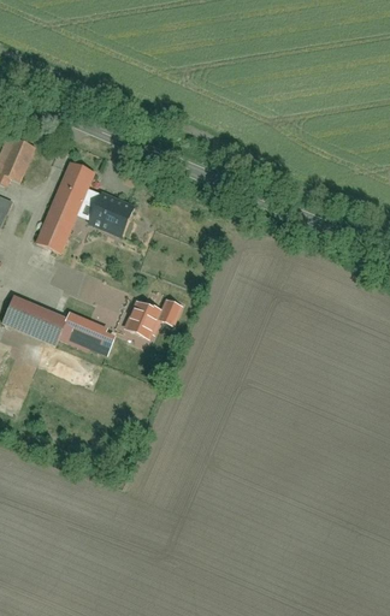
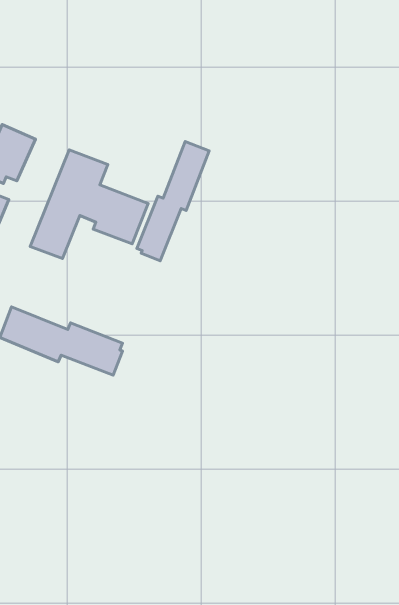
building: none -> [137,141,209,261]
building: [125,300,185,339] -> none

